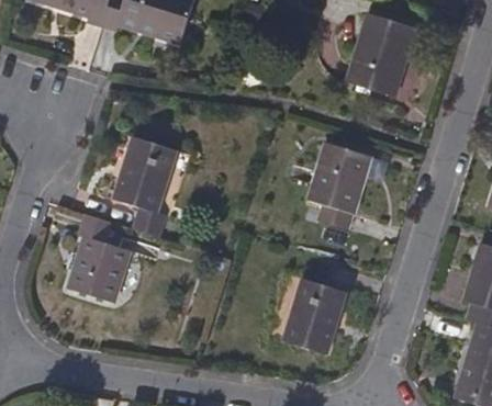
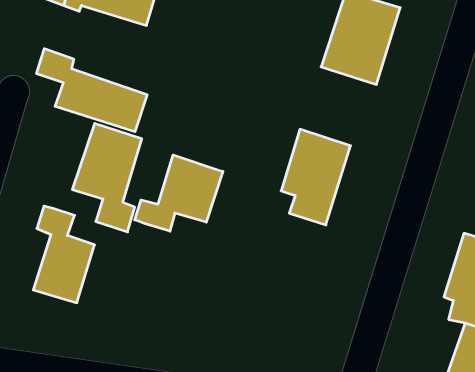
building: none -> [37,49,147,132]
building: none -> [135,155,223,231]
building: [284,277,349,356] -> none

